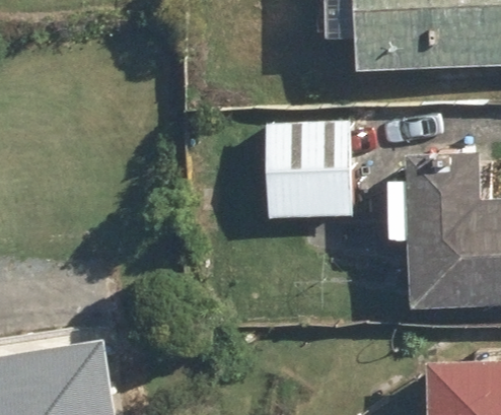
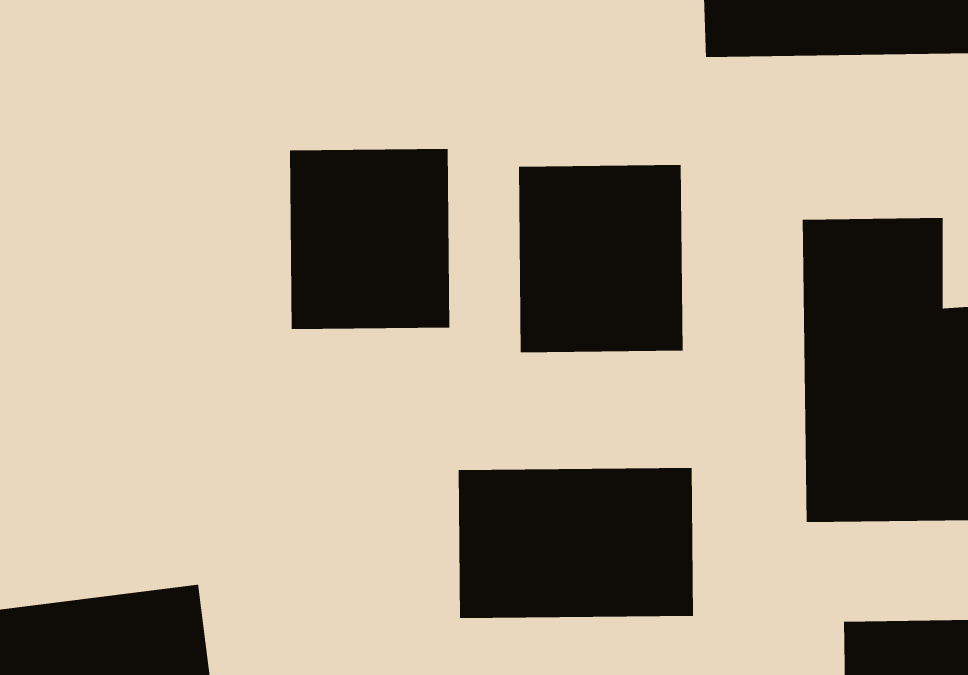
building: none -> [289,148,450,330]
building: none -> [458,467,694,619]

